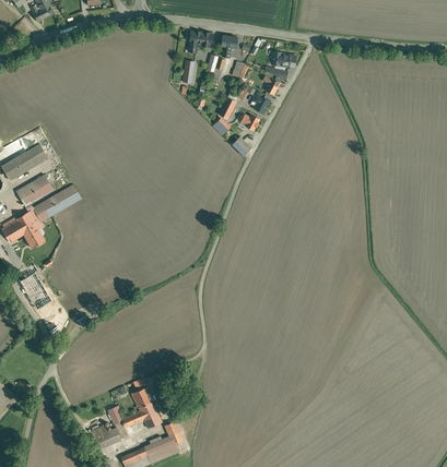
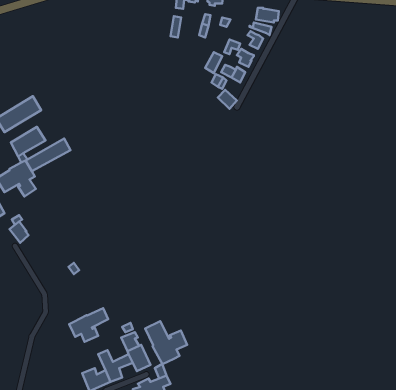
building: none -> [69,308,108,342]
building: none -> [145,321,187,364]

